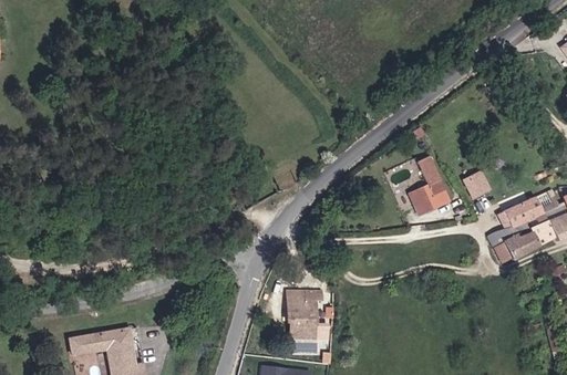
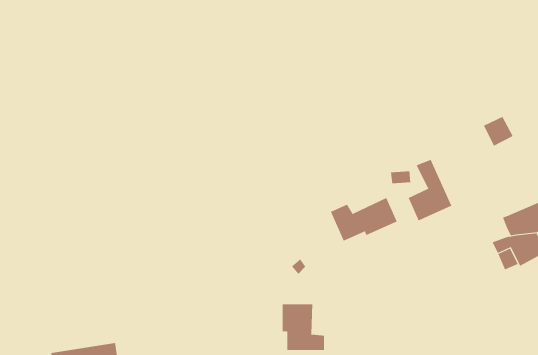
building: [462,170,491,199] -> [483,116,513,147]
building: none -> [330,197,398,242]

